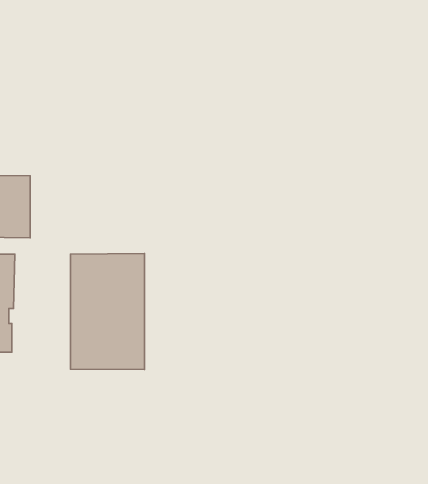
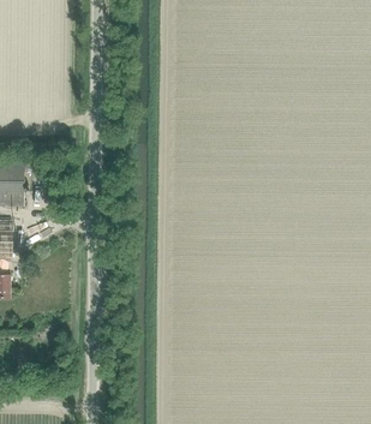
building: [71,253,145,370] -> none

